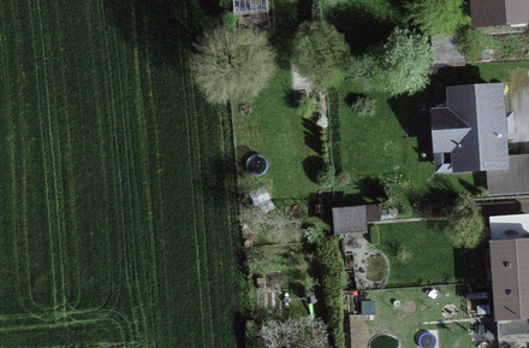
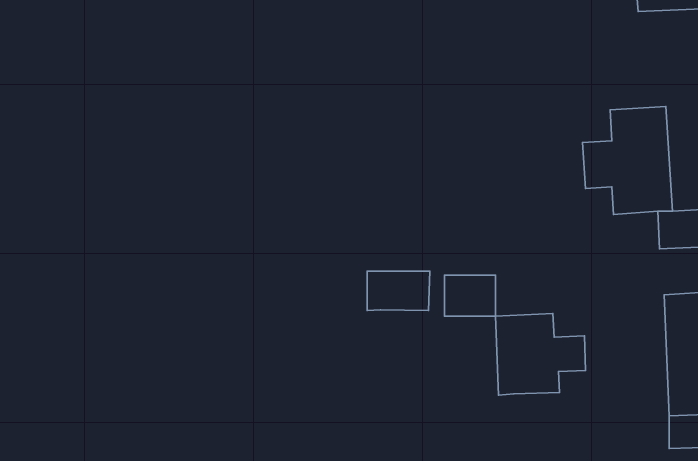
building: none -> [367,271,430,311]
building: none -> [495,314,586,395]

